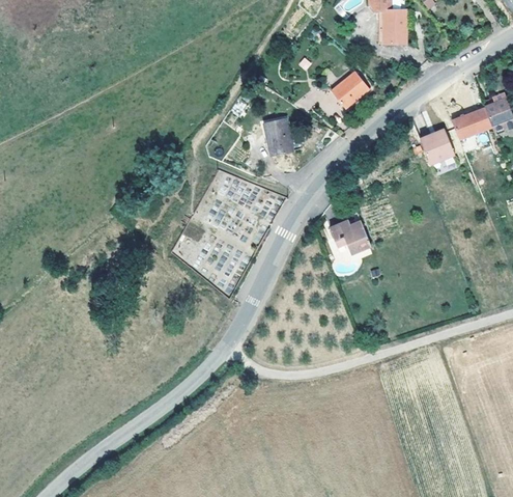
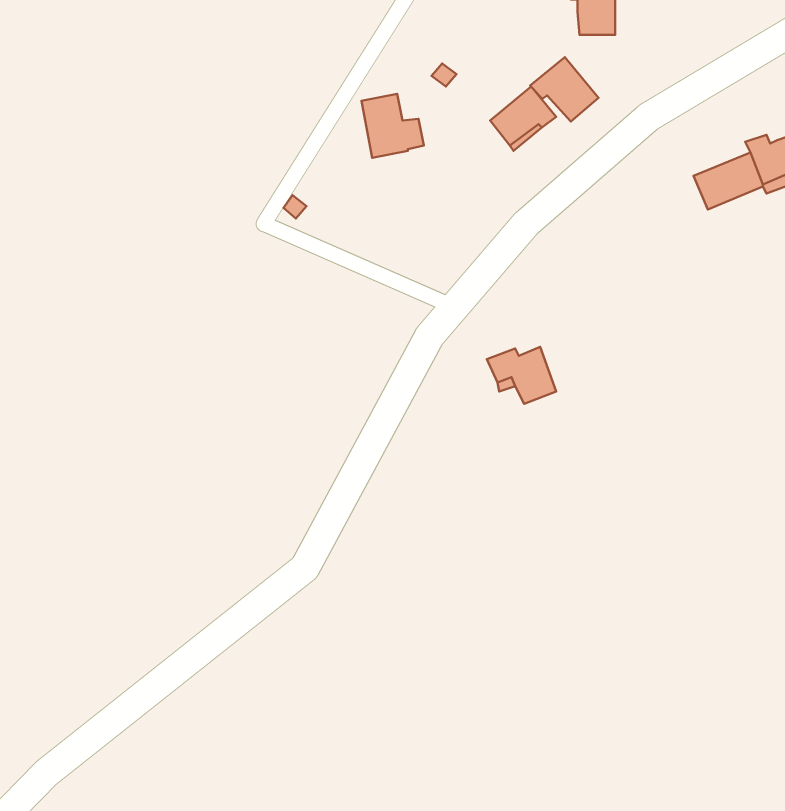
building: none -> [530,57,598,122]
building: [262,115,298,153] -> [361,94,424,158]
building: [419,130,453,165] -> none

